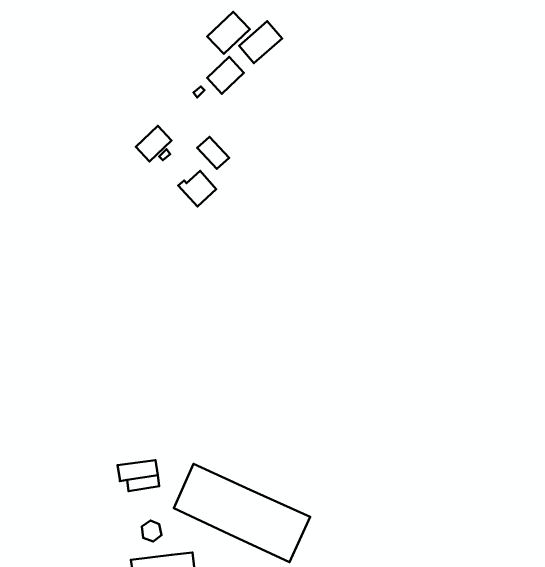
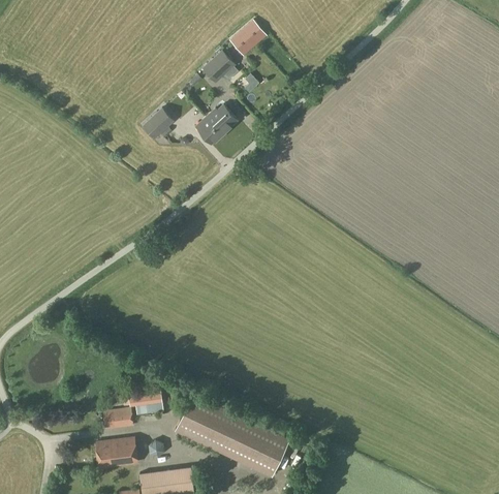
building: [207,12,250,54] -> none
building: [178,171,216,206] -> [205,105,237,135]
building: none -> [103,409,132,430]
building: none -> [95,438,137,468]

